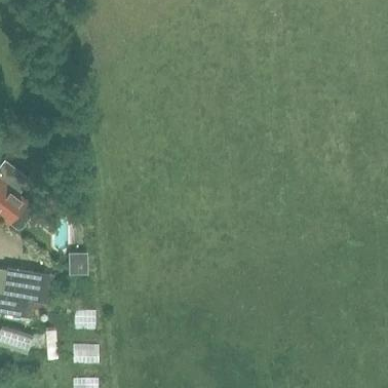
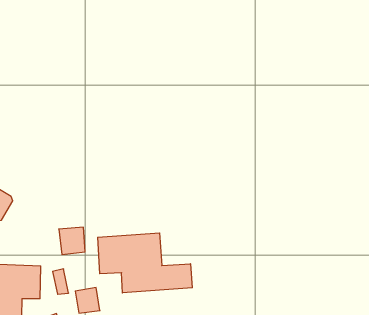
building: none -> [98,233,192,293]

